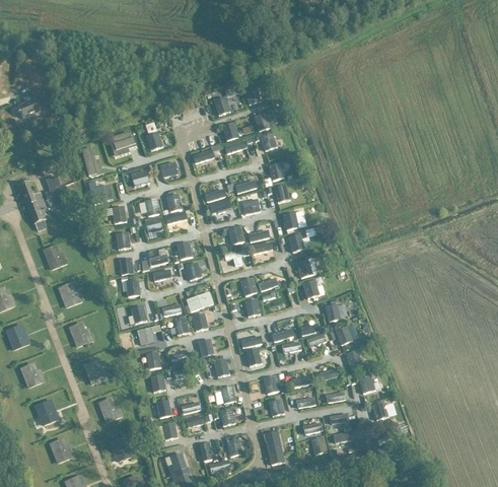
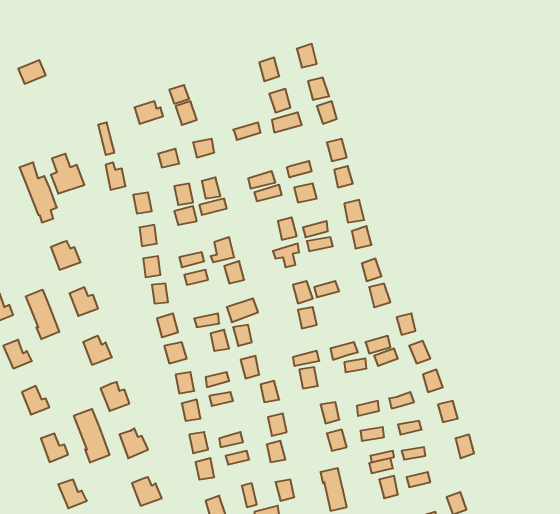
building: none -> [26,290,59,339]
building: none -> [74,409,109,463]

